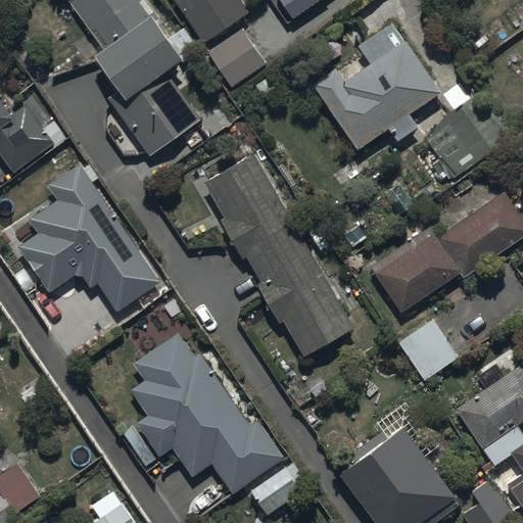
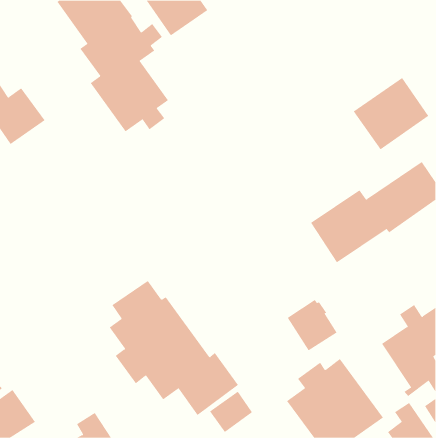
building: [313,23,441,151] -> none
building: [207,29,277,88] -> none
building: [203,152,355,358] -> none
building: [17,164,159,314] -> none
building: [397,319,458,381] -> [287,299,337,351]

